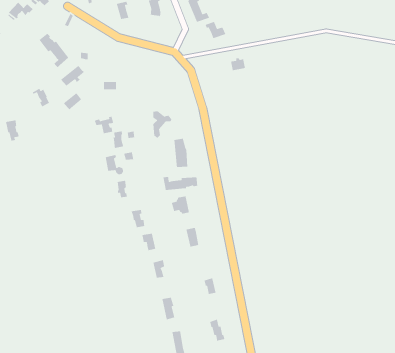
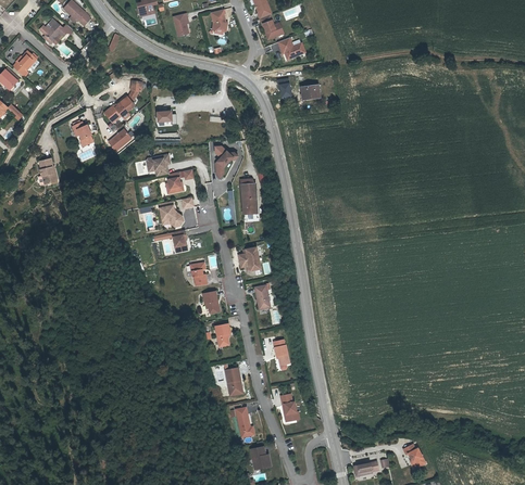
building: [39,33,69,68] -> none
building: [163,176,198,191] -> none

